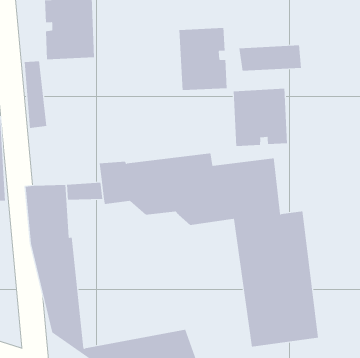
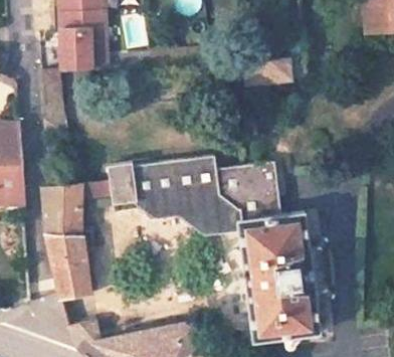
building: [179,27,227,91] -> none
building: [233,88,288,147] -> none

